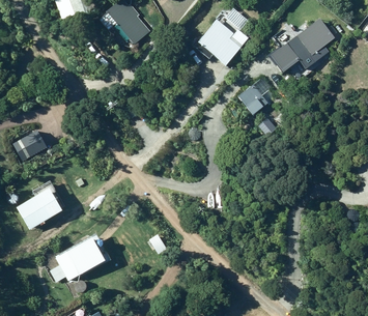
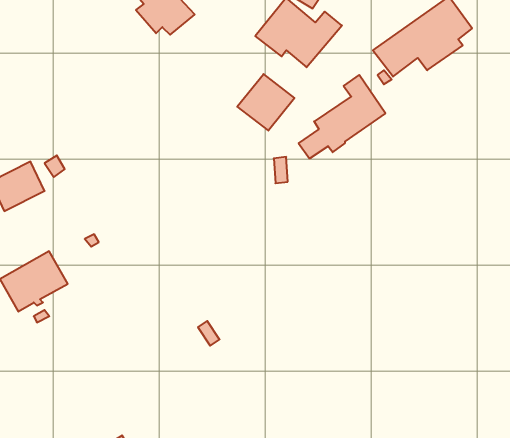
building: none -> [237,74,294,131]
building: [50,235,111,282] -> none

